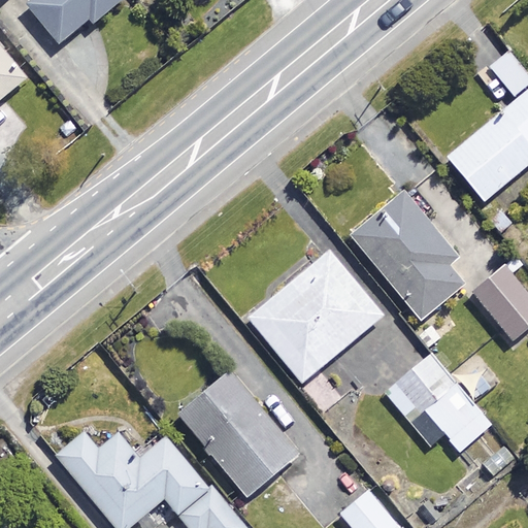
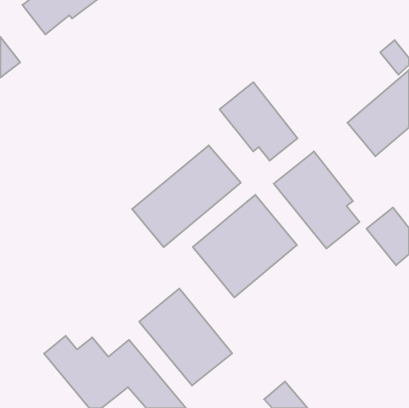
building: none -> [220,82,297,161]
building: none -> [132,145,241,247]
building: [385,354,490,451] -> none

